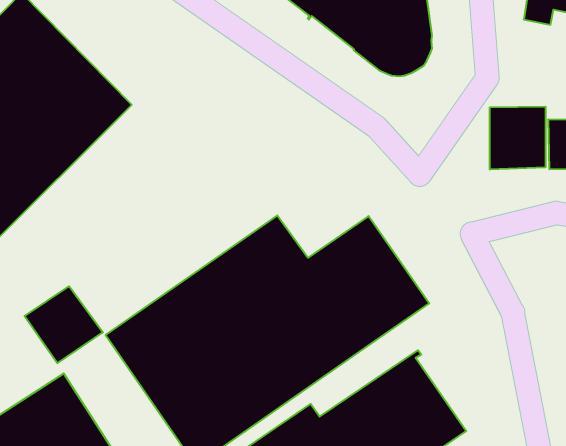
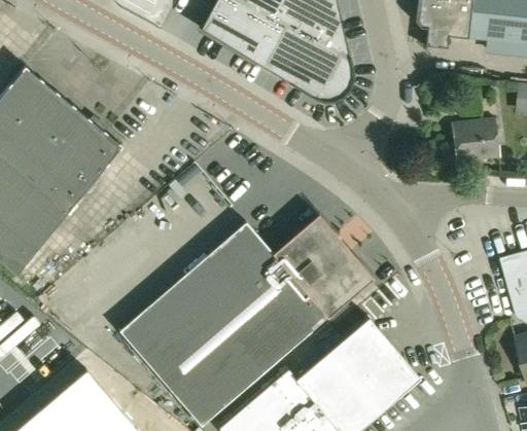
building: [490,107,545,170] -> none
building: [25,286,103,363] -> none

